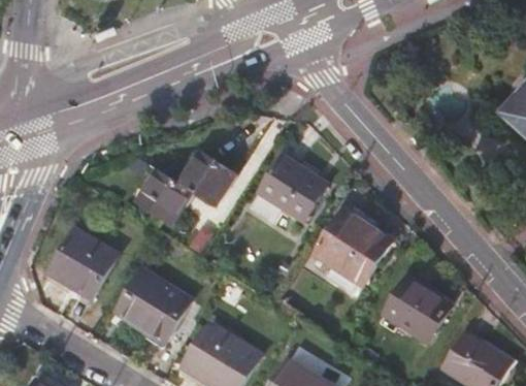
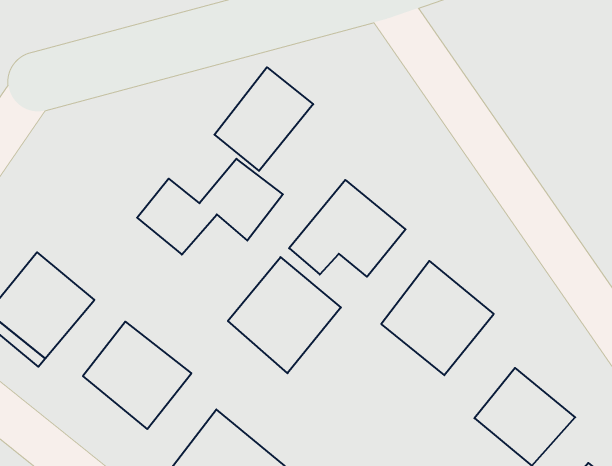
building: none -> [214,67,313,171]
building: none -> [228,257,341,373]

